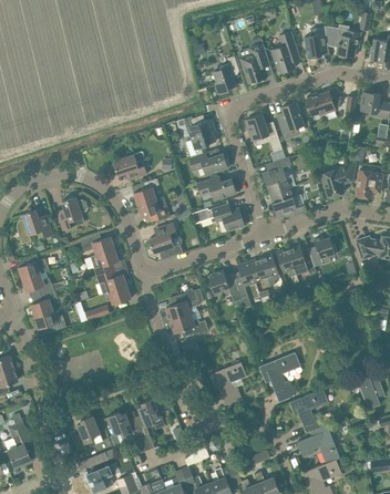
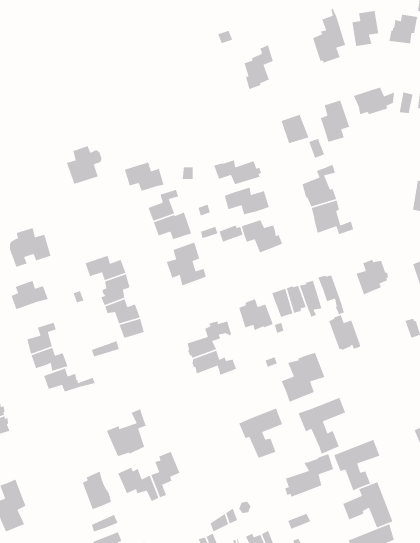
building: [242,42,270,82] -> none
building: [185,115,216,155] -> none
building: [320,163,355,197] -> none
building: [57,196,88,229] -> [66,145,103,185]
building: [288,244,316,275] -> [328,314,361,351]
building: [22,272,66,294] -> [43,368,96,393]
building: none -> [280,352,325,403]
building: none -> [106,408,147,457]
building: none -> [284,453,334,498]

